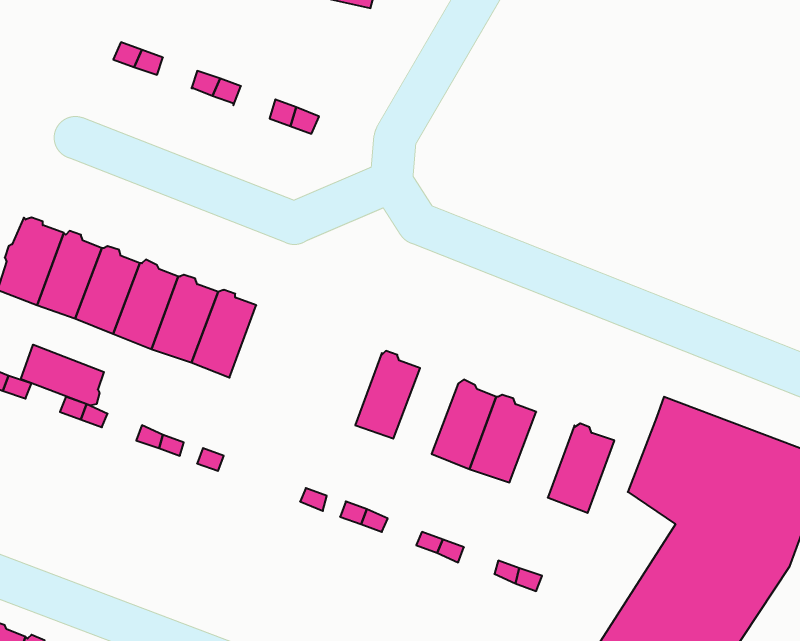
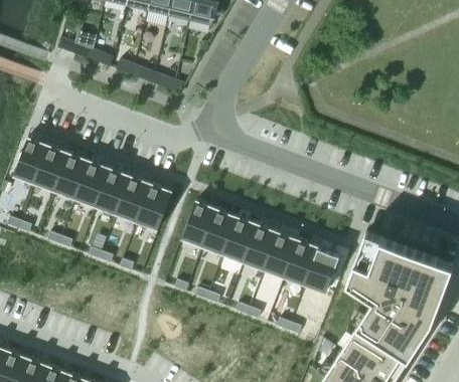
building: none -> [138,183,173,230]
building: none -> [182,200,218,247]
building: [21,345,104,406] -> none
building: none -> [224,216,259,262]
building: none -> [286,238,320,285]

